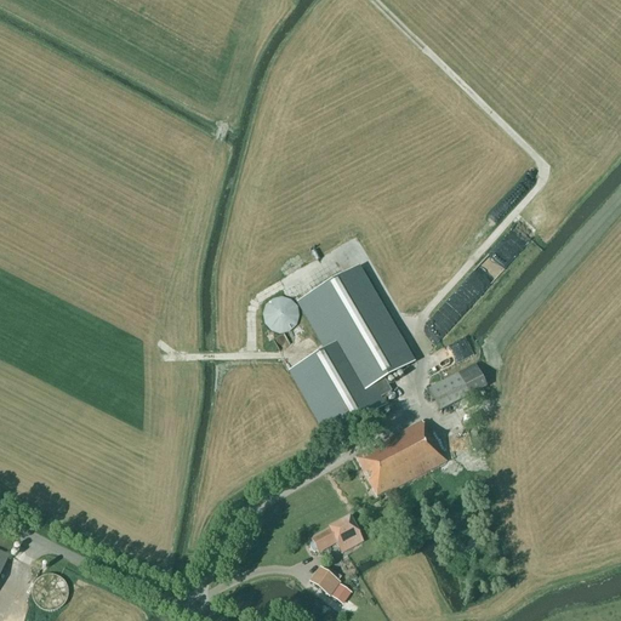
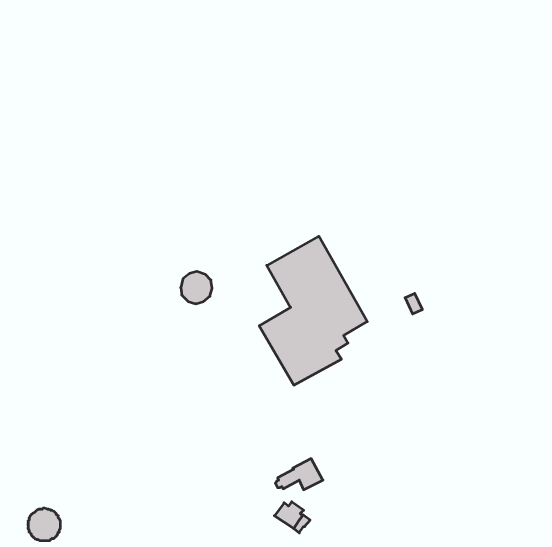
building: [263,294,298,330] -> [181,271,212,304]
building: [428,361,485,409] -> none
building: [354,418,445,495] -> none

